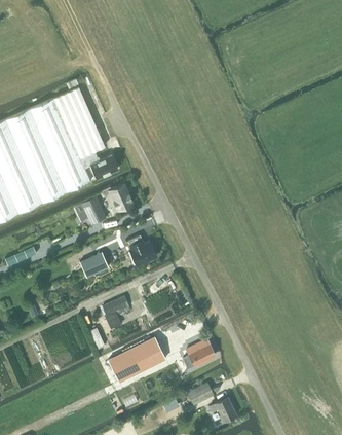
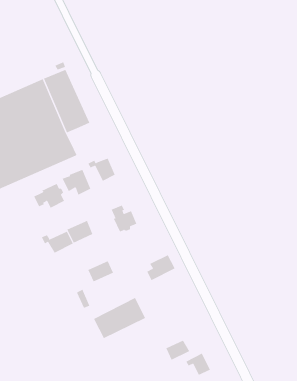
building: [79,152,117,179] -> none
building: none -> [33,183,65,208]
building: none -> [41,231,73,254]
building: [183,340,215,369] -> [146,255,176,281]

